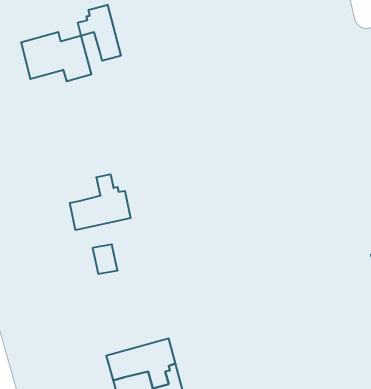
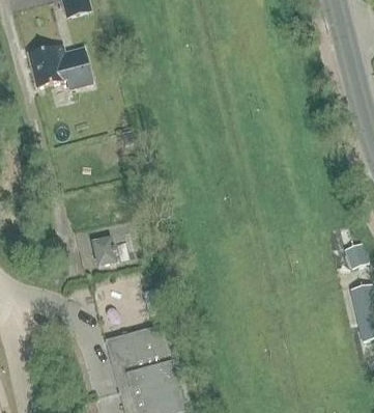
building: [78,5,121,61] -> none
building: [70,174,131,230] -> none

